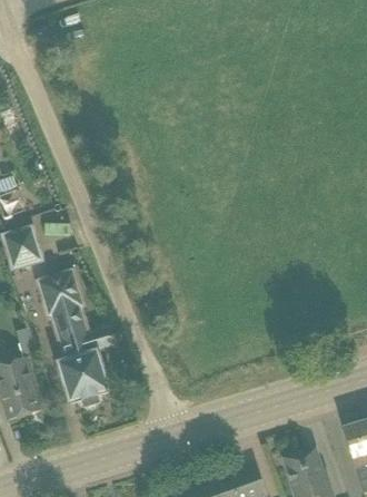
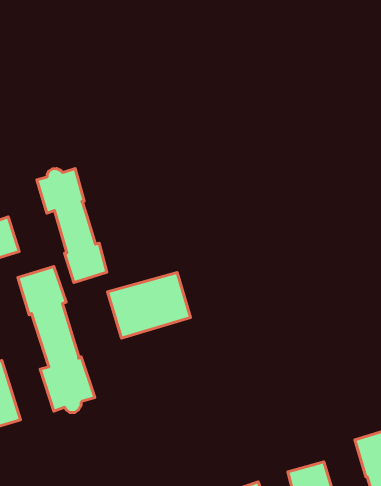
building: none -> [37,168,107,282]
building: none -> [108,272,190,338]

